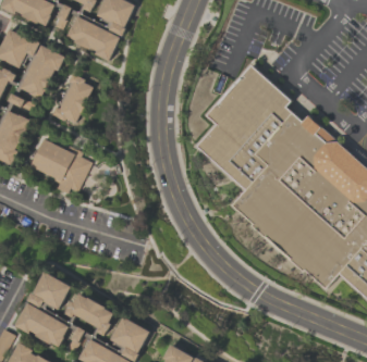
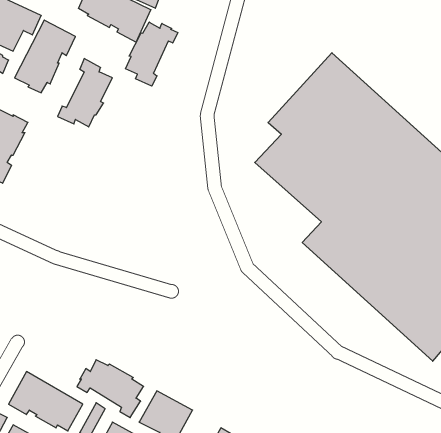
building: none -> [126,22,178,86]
building: [28,139,89,194] -> none
building: [26,271,72,310] -> none

